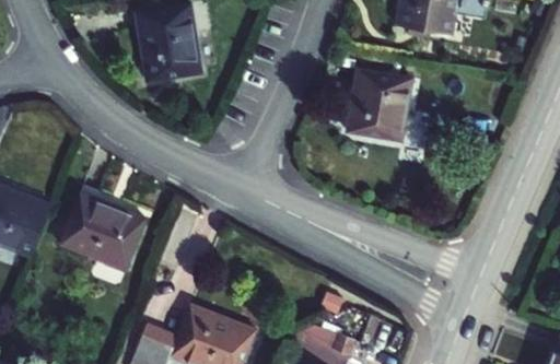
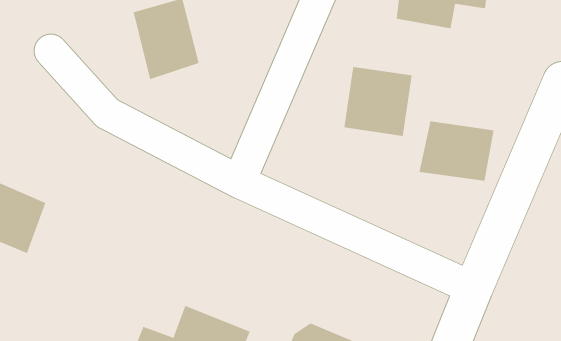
building: none -> [419,120,494,182]
building: [62,195,142,273] -> none

